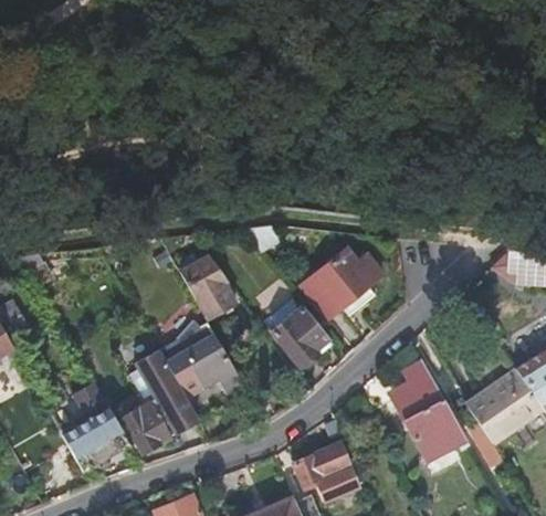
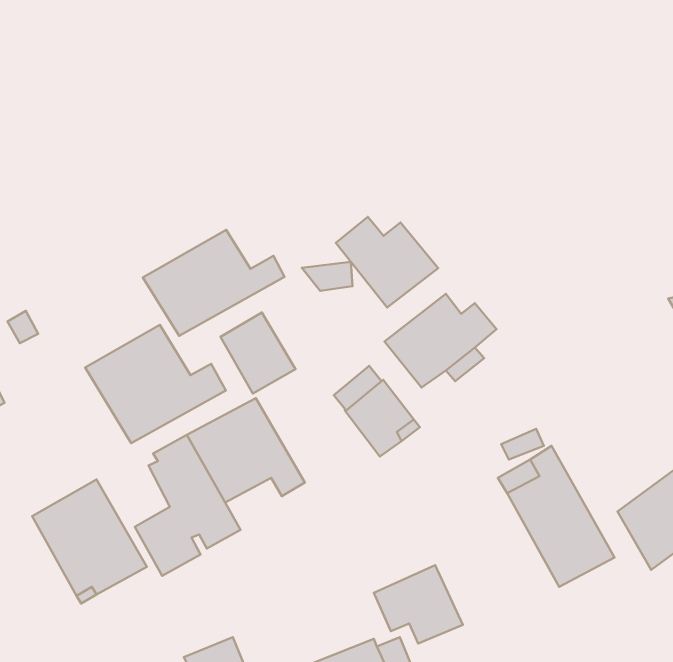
building: none -> [336,217,438,308]
building: none -> [143,230,284,336]
building: none -> [85,325,226,443]

